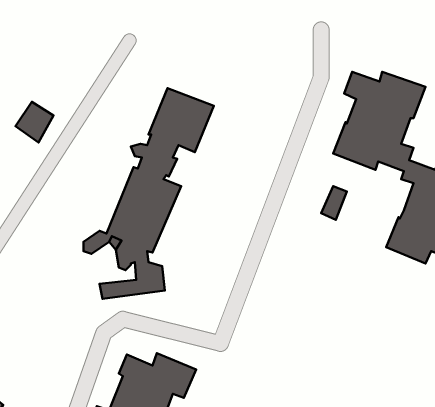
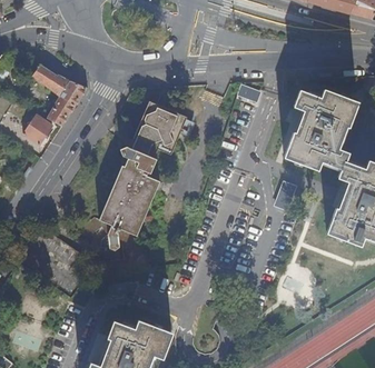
building: none -> [33,64,88,126]

